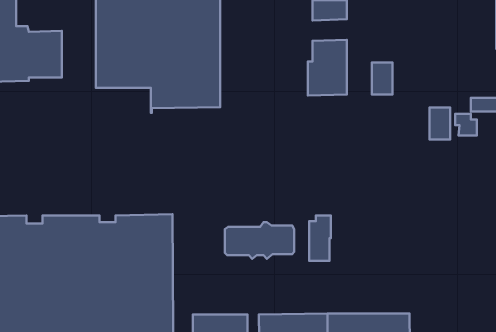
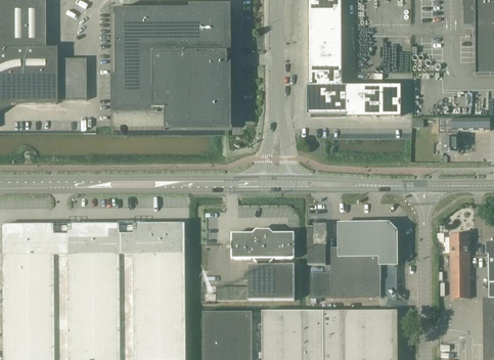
building: none -> [310,46,341,65]
building: none -> [341,85,363,114]
building: [430,108,450,139] -> [381,85,400,114]
building: none -> [311,221,397,296]
building: none -> [450,233,468,297]
building: none -> [217,263,294,300]

